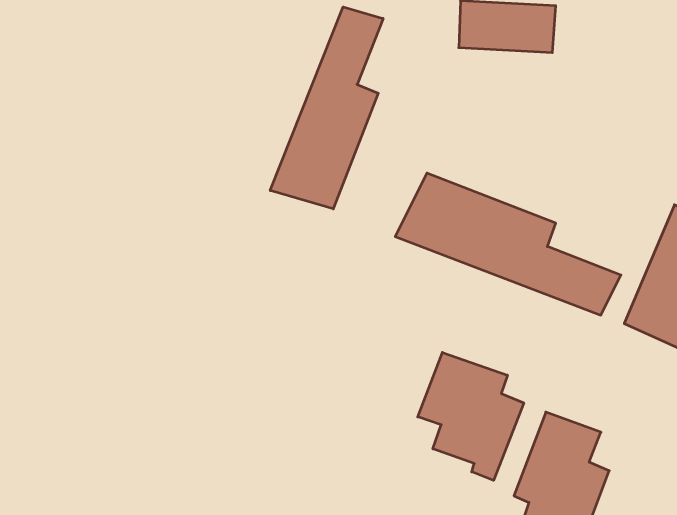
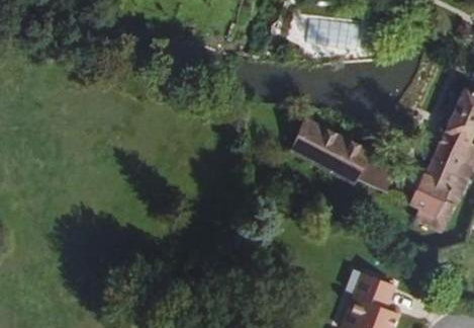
building: [270,7,383,209] -> none
building: [418,352,524,480] -> none

